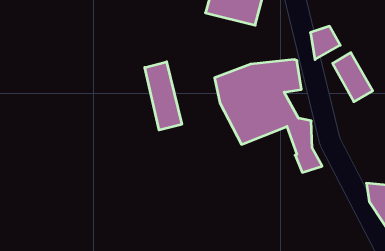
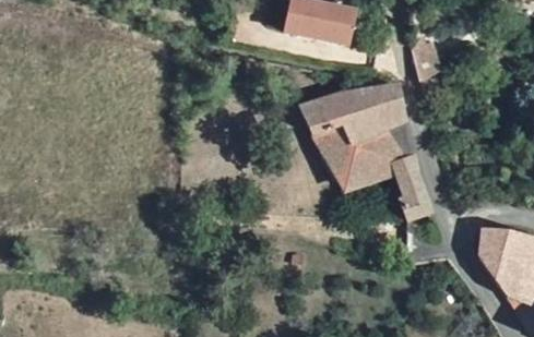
building: [333,53,373,102] -> none
building: [145,62,182,130] -> none

